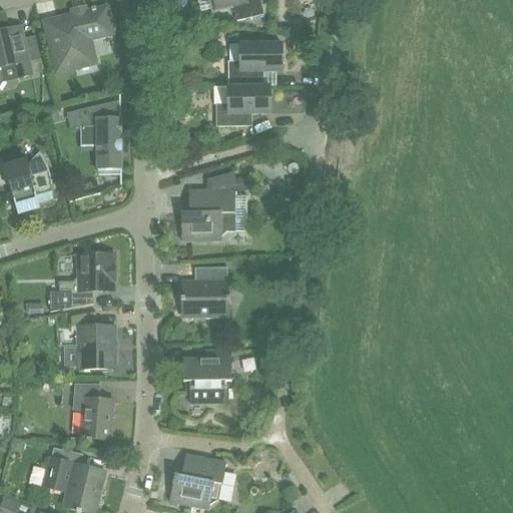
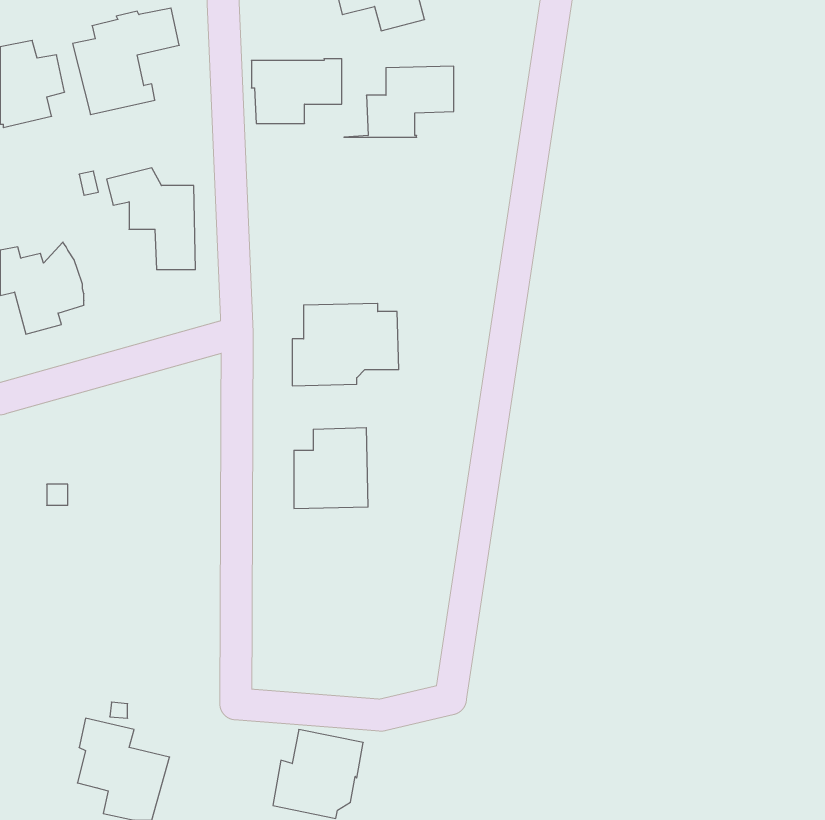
building: [213,84,270,124] -> [251,59,342,123]
building: [50,252,114,310] -> none
building: [70,310,115,368] -> none
building: [182,348,231,402] -> none
building: [74,383,113,438] -> none

